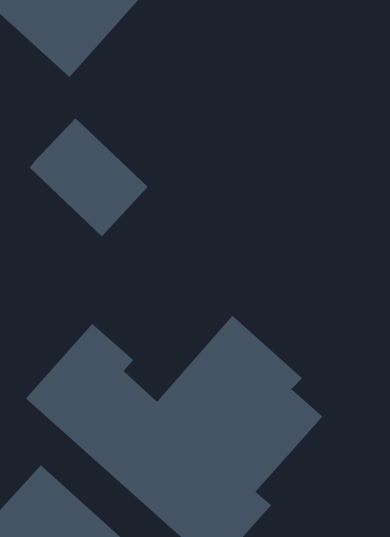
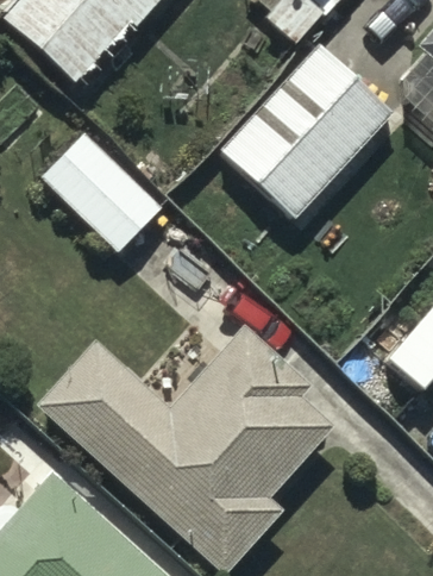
building: none -> [221,40,390,213]

